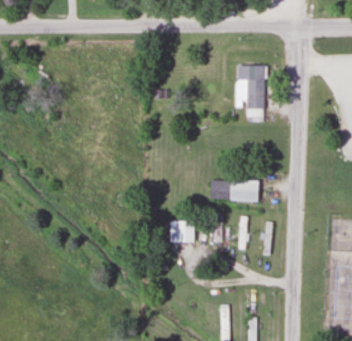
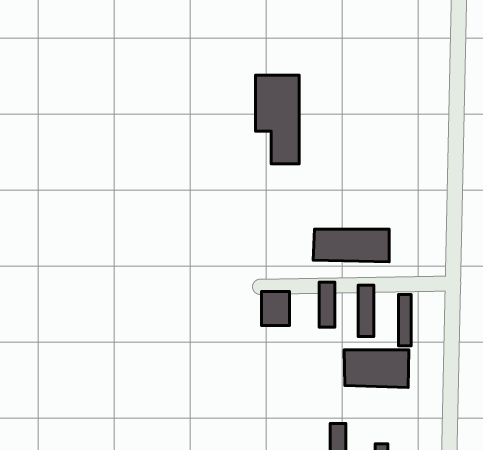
building: [236,66,264,123] -> [256,75,299,164]
building: none -> [344,350,409,387]

